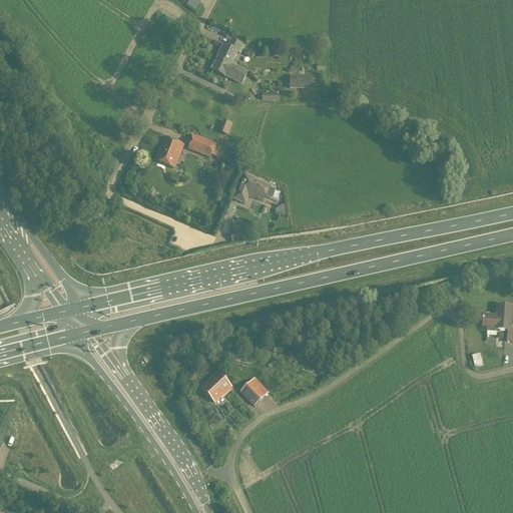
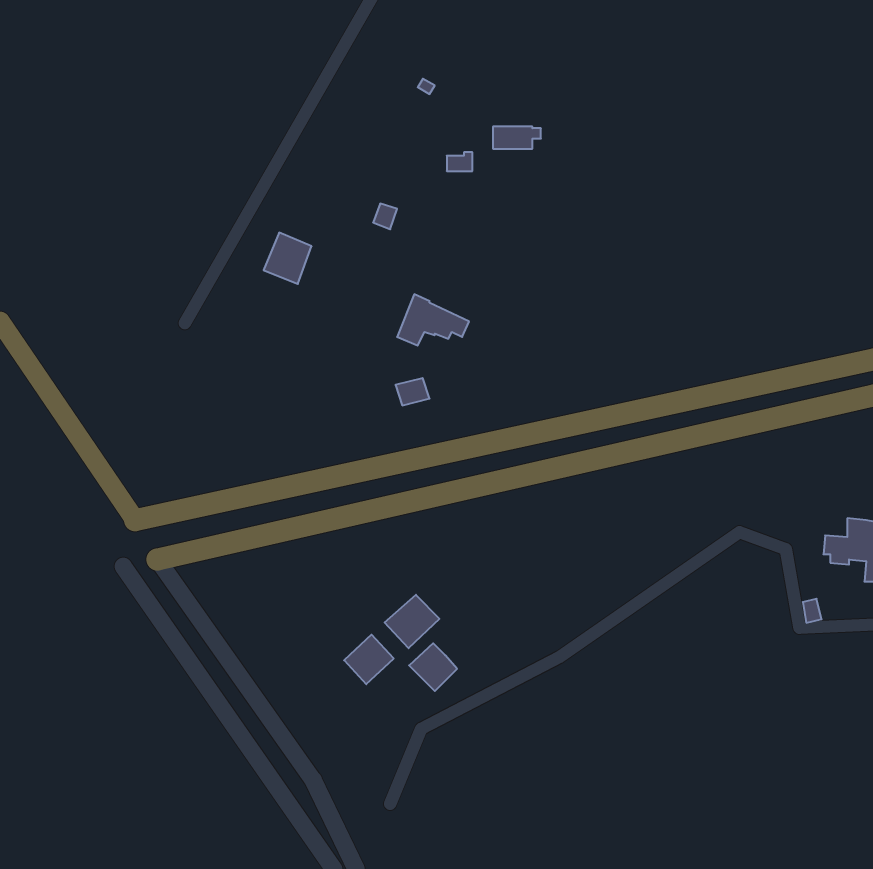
building: [213,38,248,83] -> none
building: [188,133,221,156] -> none
building: none -> [385,595,439,648]

